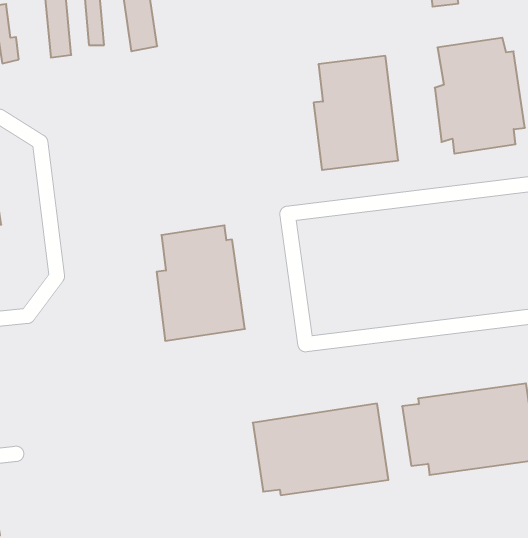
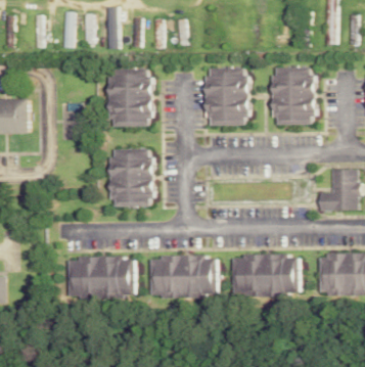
building: none -> [105,68,152,126]
building: none -> [66,256,133,297]

